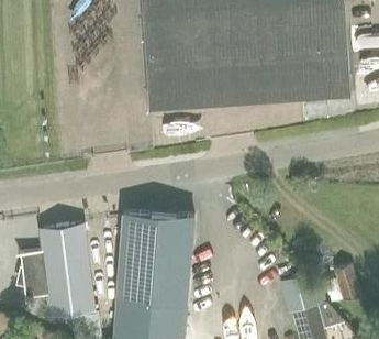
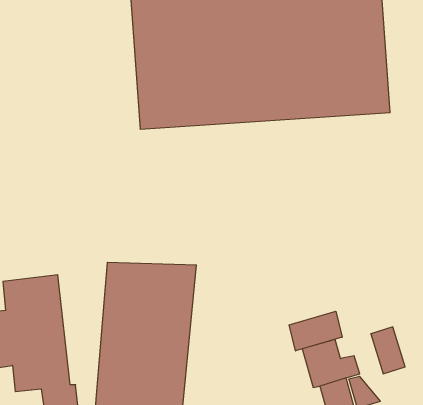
building: none -> [289,311,342,351]

